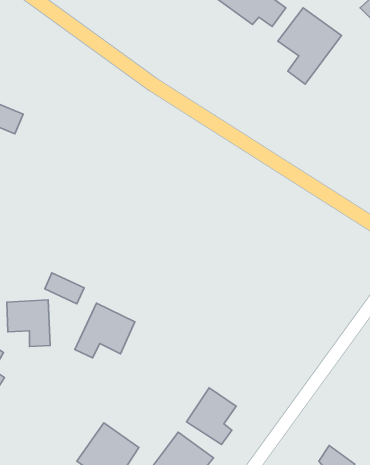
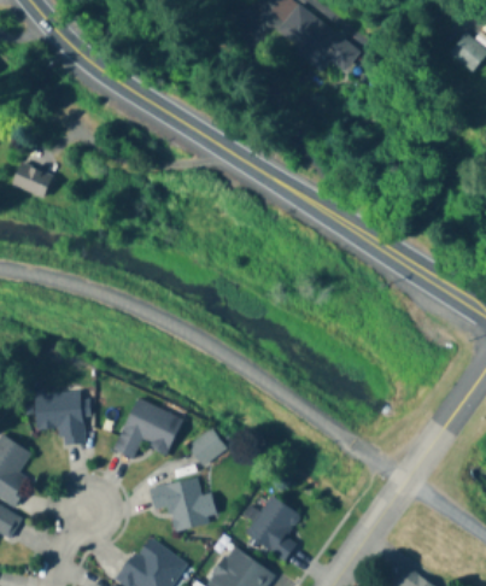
building: [278,8,341,84] -> none
building: [45,273,84,304] -> none
building: none -> [188,428,227,467]
building: none -> [150,477,207,531]

